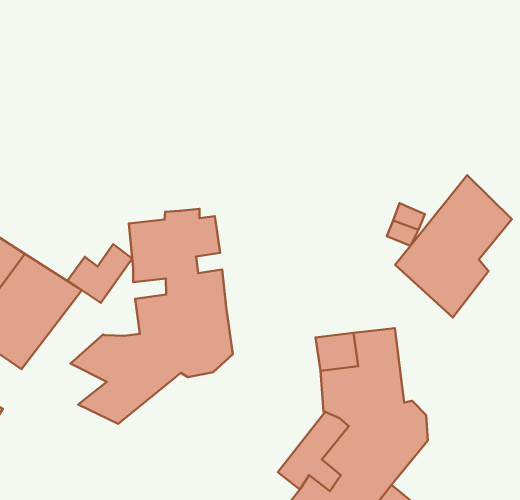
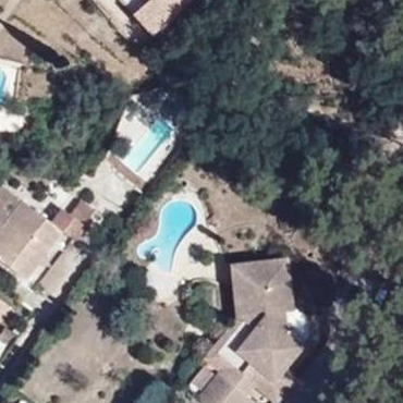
building: [395,175,512,317] -> none
building: [70,209,233,424] -> none

